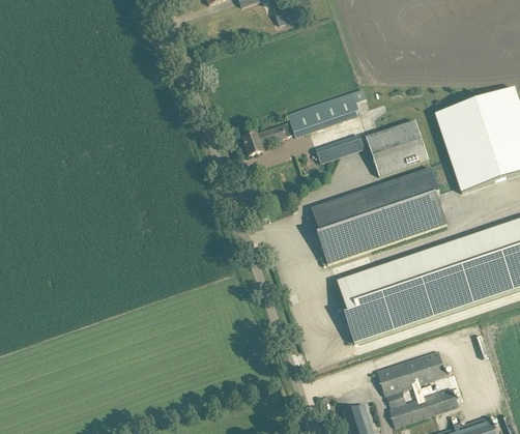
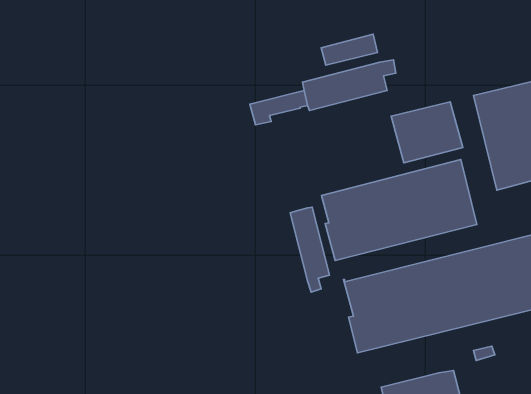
building: [315,132,364,162] -> [321,34,377,65]
building: none -> [290,207,329,292]

